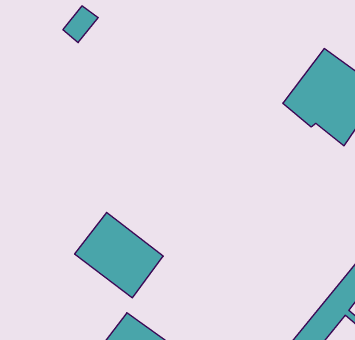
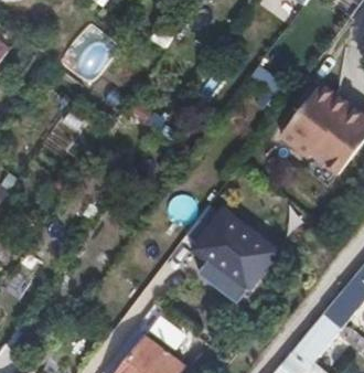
building: [75,212,163,298] -> [192,210,275,289]

